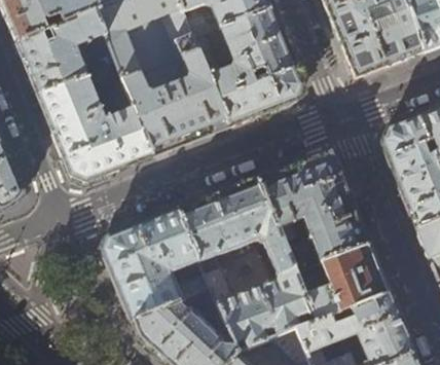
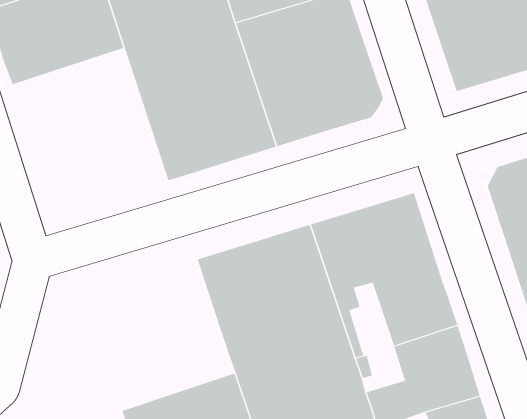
building: [36,62,152,180] -> none
building: [100,209,210,321] -> none

